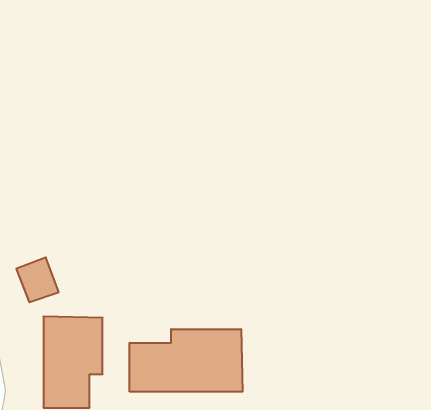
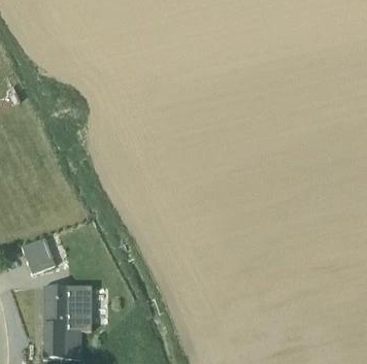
building: [130,329,243,392] -> none

